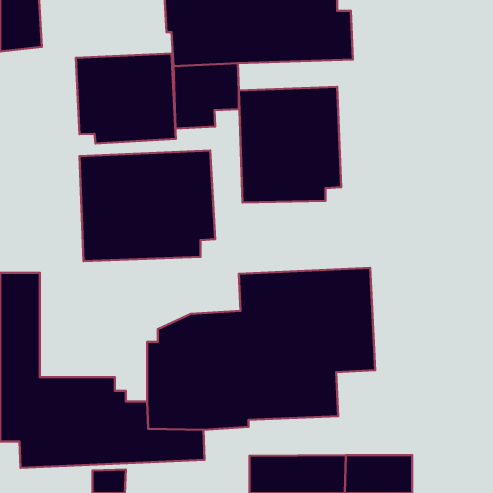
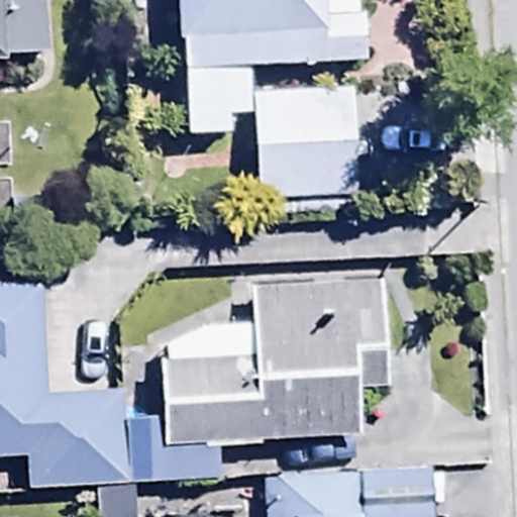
building: [76,54,176,143] -> none
building: [80,151,215,261] -> none

